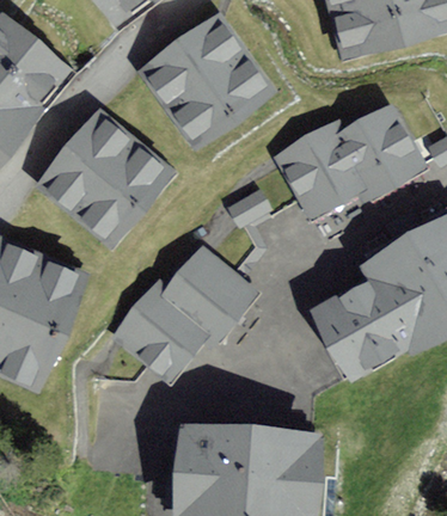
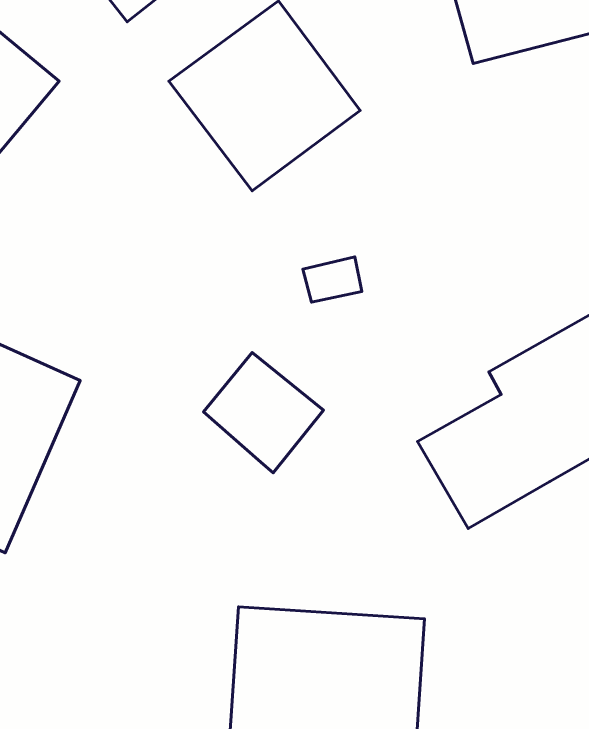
building: [286,111,423,210] -> none
building: [41,115,172,246] -> none
building: [120,285,207,373] -> none

